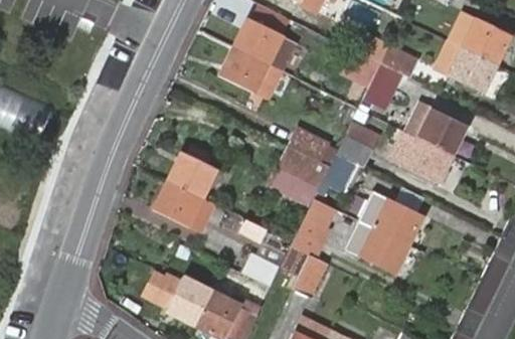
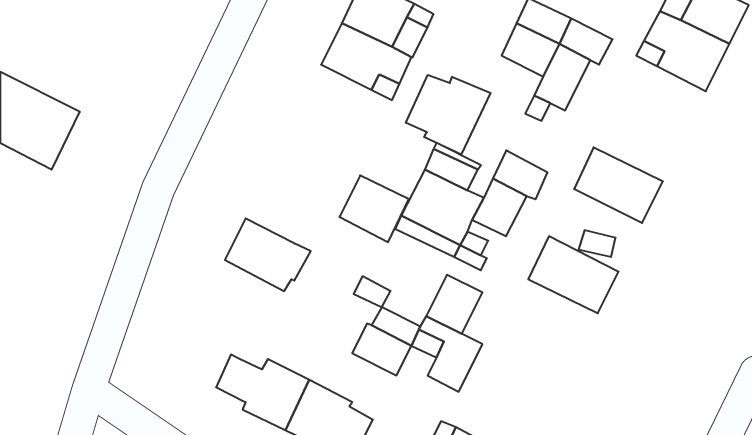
building: none -> [406,75,491,155]
building: [405,102,467,155] -> none
building: [169,152,216,197] -> [339,175,409,242]
building: [347,221,408,274] -> none

